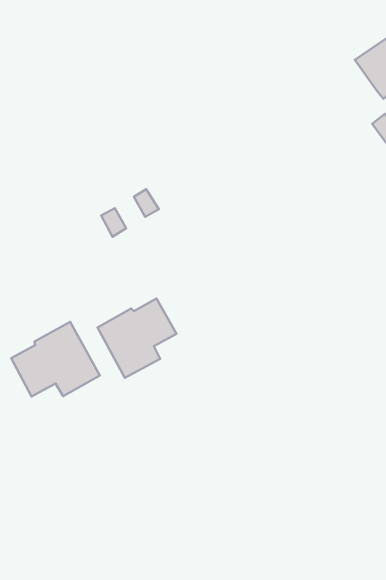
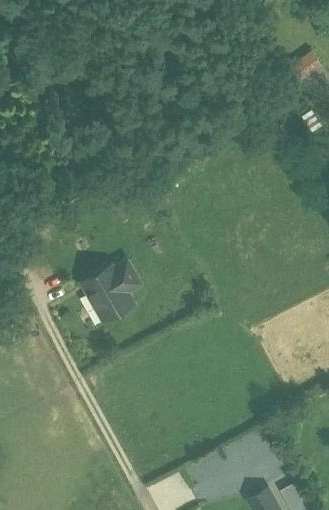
building: [11,322,100,396] -> none

